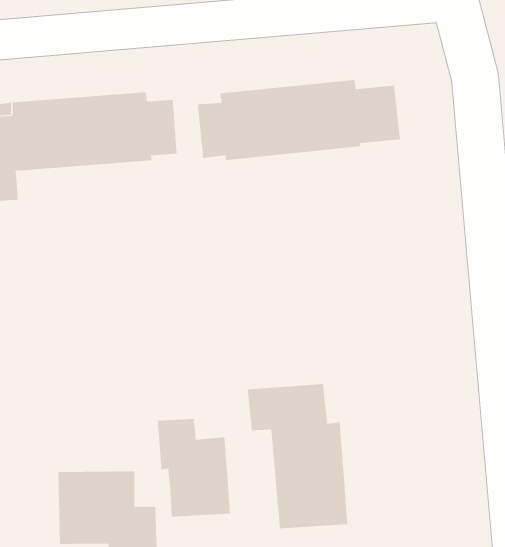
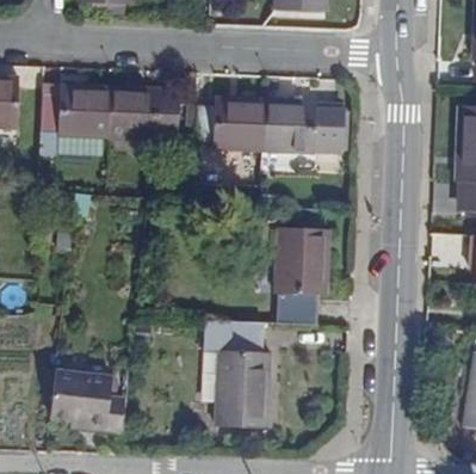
building: none -> [274,228,328,325]
building: [157,418,231,517] -> none

